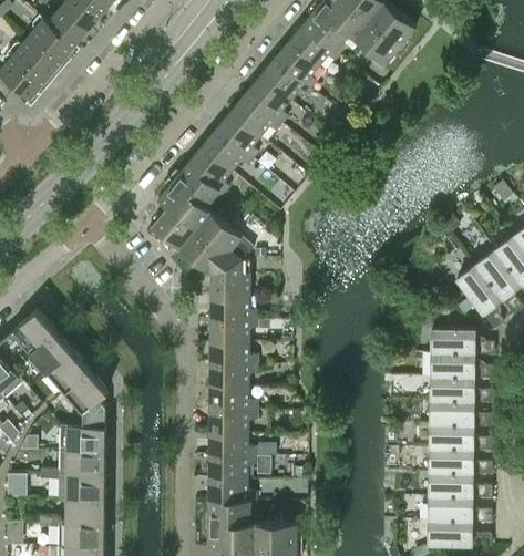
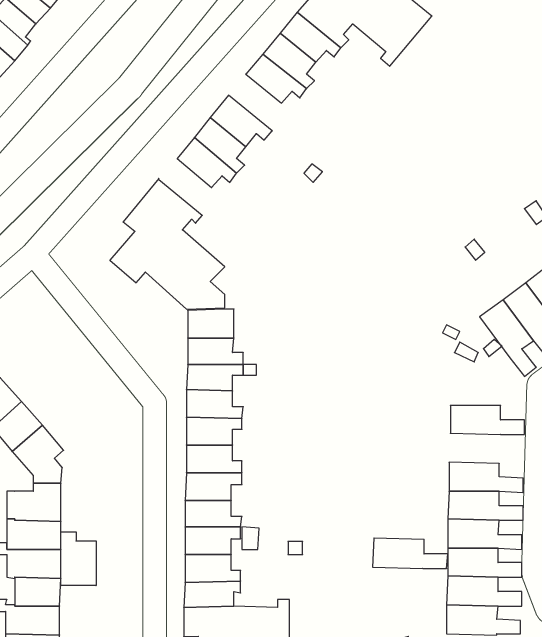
building: [245,75,289,123] -> none
building: [186,146,230,194] -> none
building: [431,328,493,354] -> none
building: [430,377,493,402] -> [373,538,448,568]
building: none -> [61,532,96,586]

